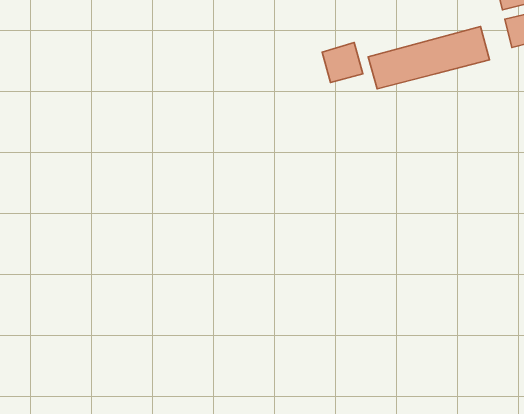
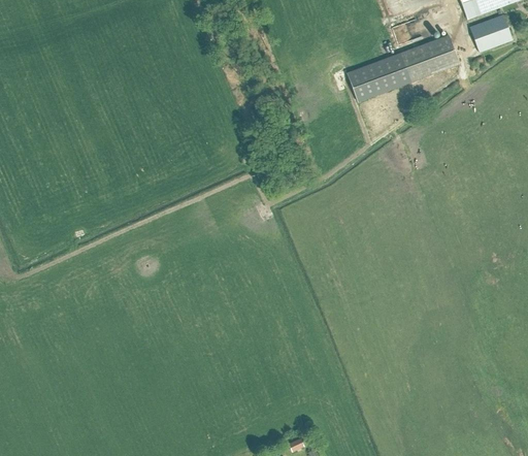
building: [322,42,363,83] -> none

